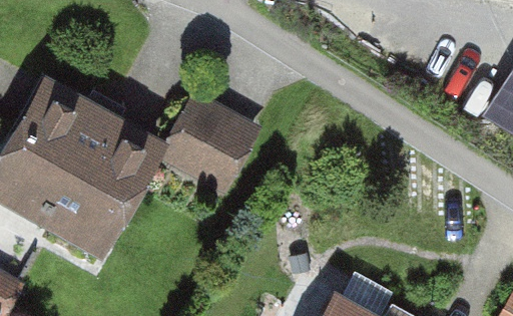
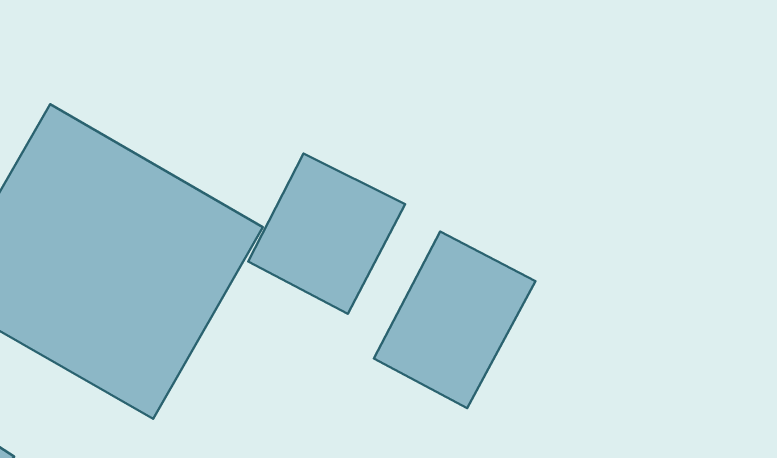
building: none -> [374,231,535,408]

